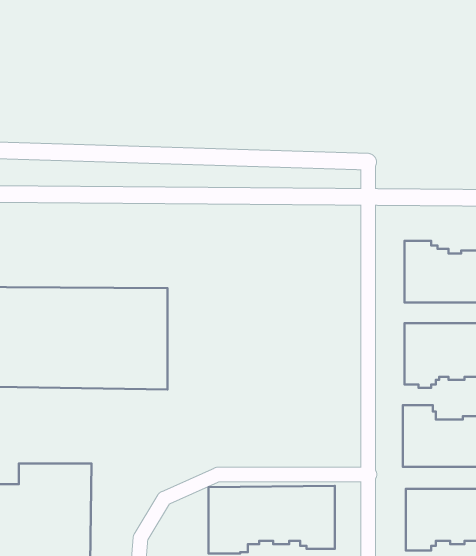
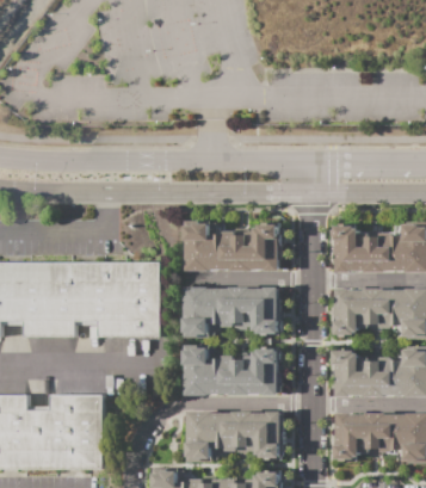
building: none -> [186,223,280,271]
building: none -> [185,286,280,336]
building: none -> [184,346,282,395]

